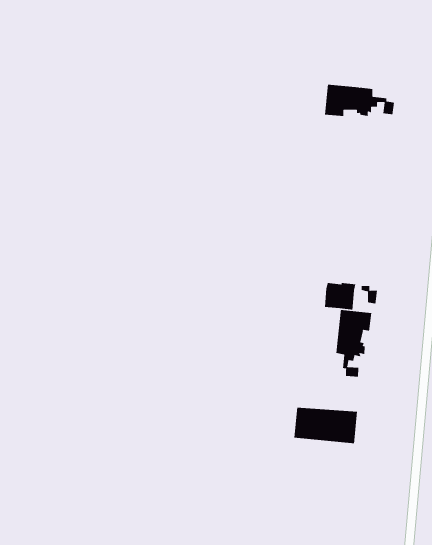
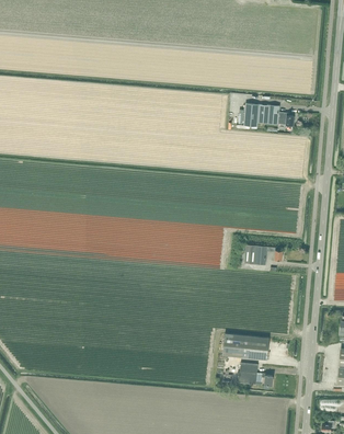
building: [336,309,372,378] -> none
building: none -> [238,362,272,388]

